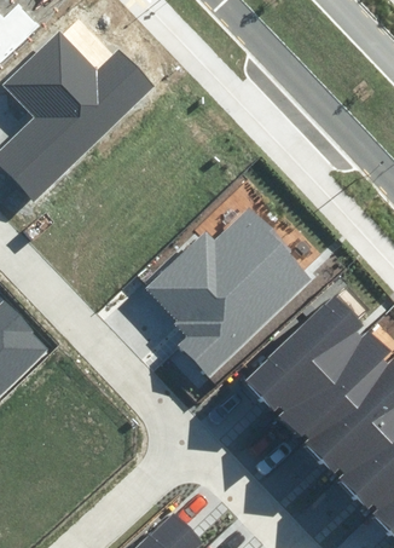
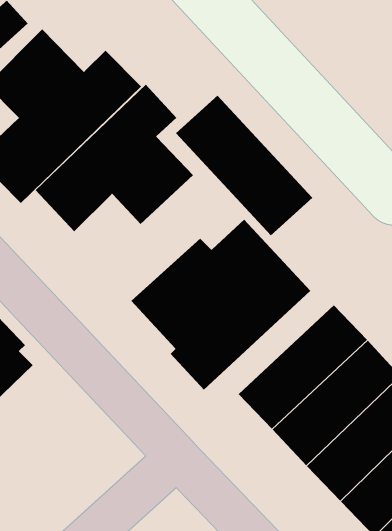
building: none -> [35,84,194,232]
building: none -> [175,95,313,236]

